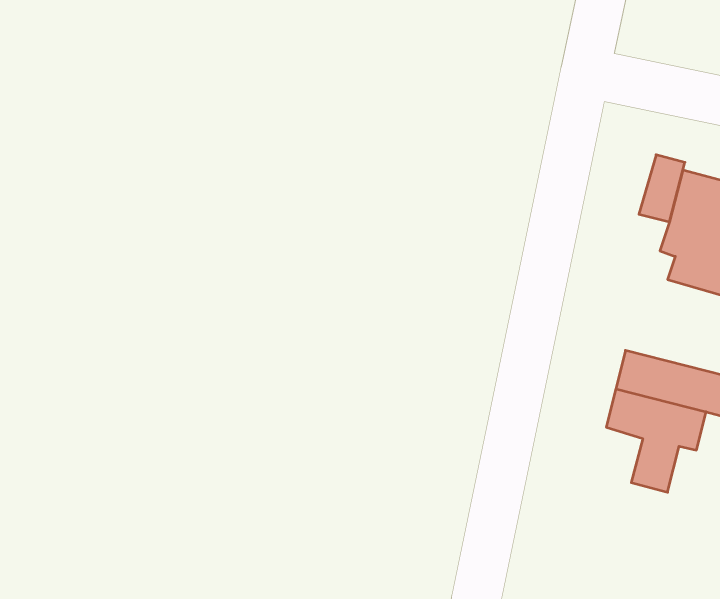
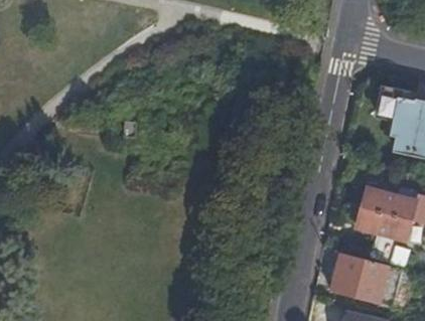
building: none -> [339,256,410,308]

